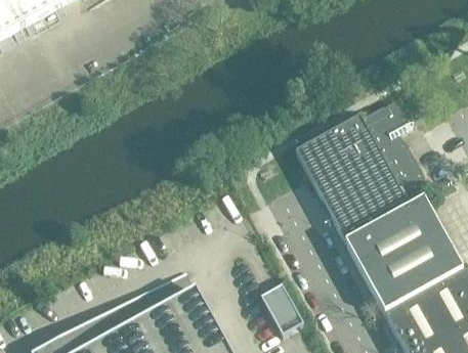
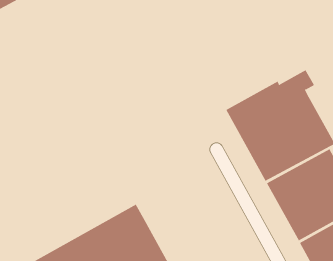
building: [260,282,303,333] -> none

